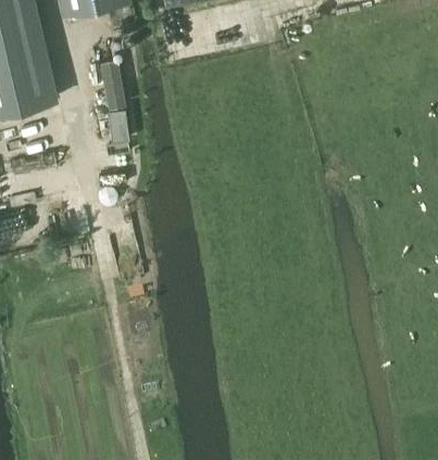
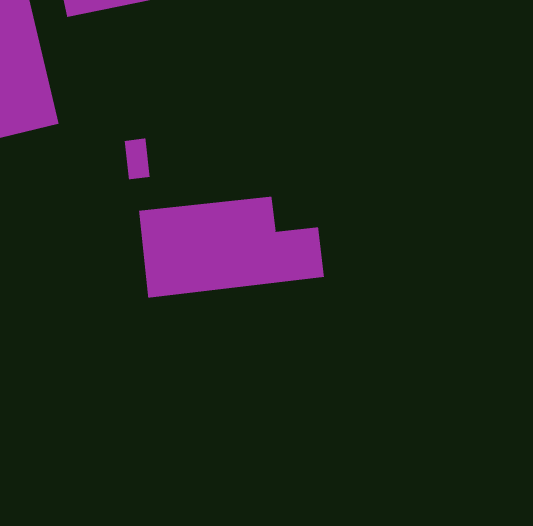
building: [101,64,125,113] -> none
building: none -> [139,196,324,298]

